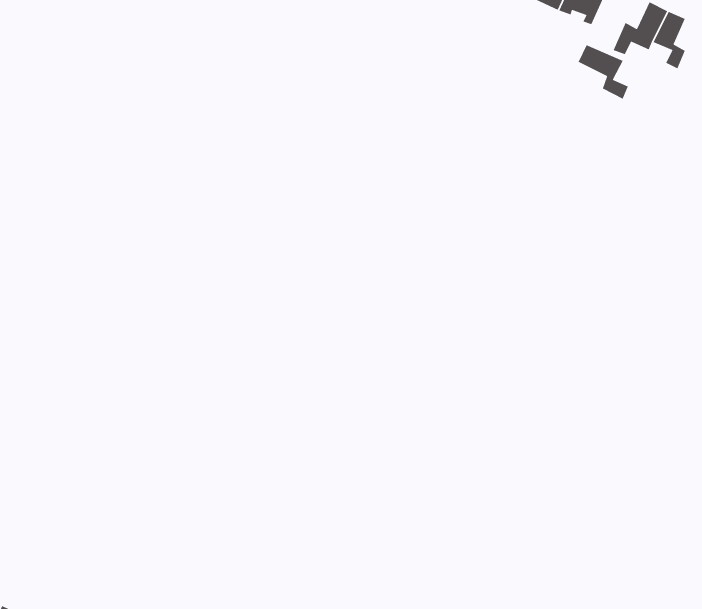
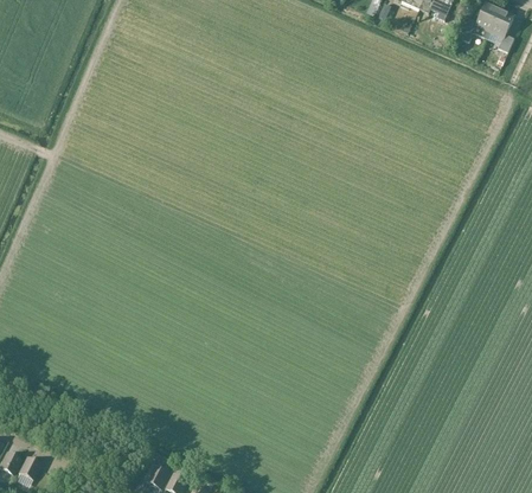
building: [578,44,629,100] -> none

